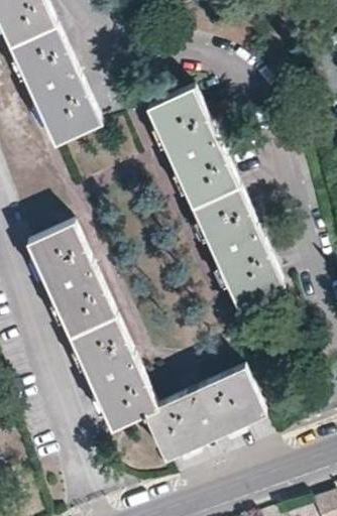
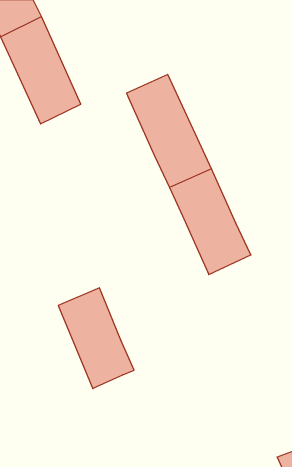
building: [32,224,118,340] -> none
building: [143,370,262,459] -> none

